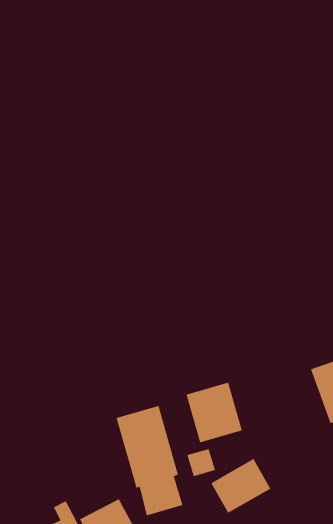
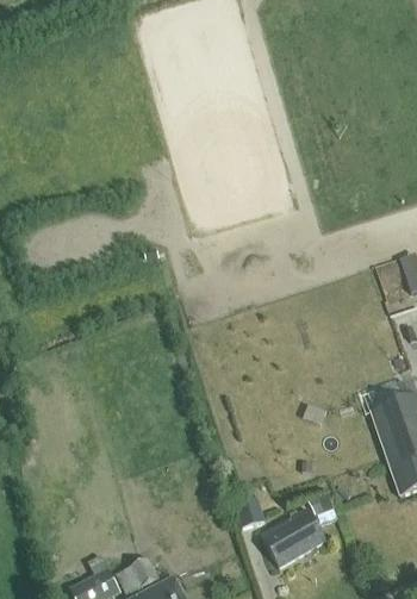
building: [186,382,242,443] -> none
building: [116,405,183,516] -> none

